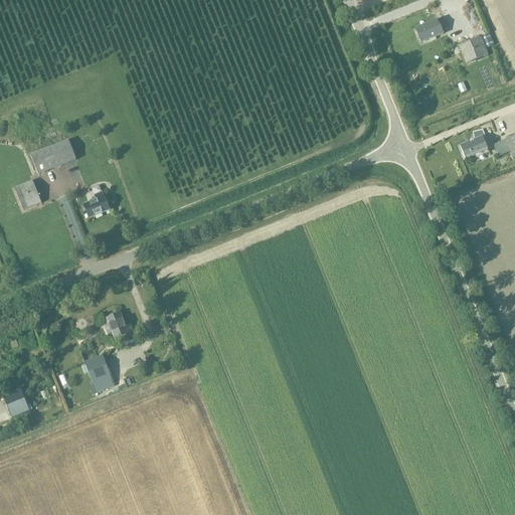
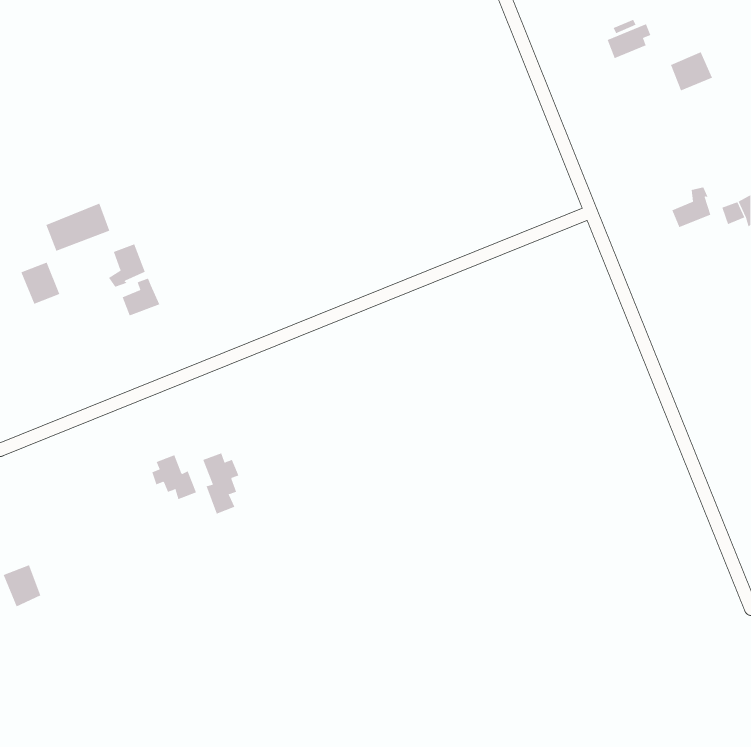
building: none -> [108,243,145,288]
building: none -> [203,452,239,515]
building: [83,353,114,390] -> none

